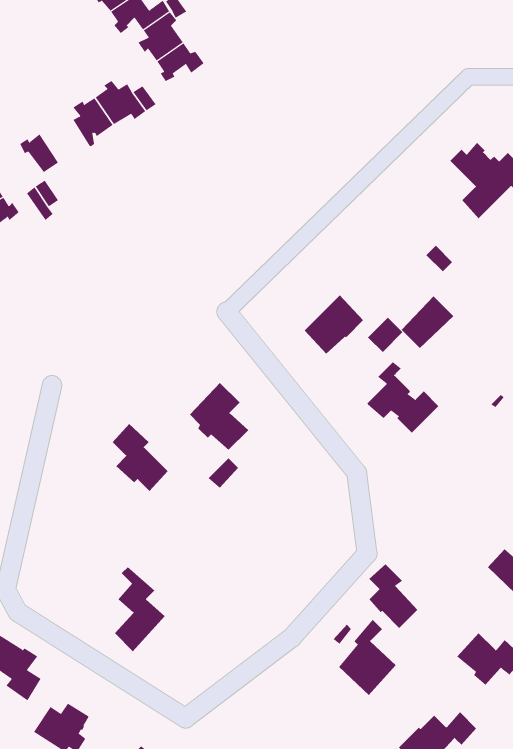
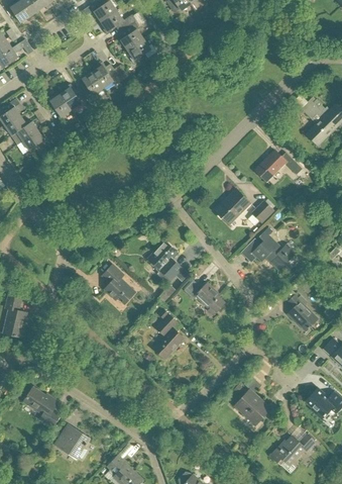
building: none -> [60,83,89,110]
building: [401,296,454,349] -> [255,150,287,181]
building: none -> [184,280,225,312]
building: [368,564,418,629] -> [288,292,317,330]
building: [114,566,165,652] -> [153,308,184,359]

